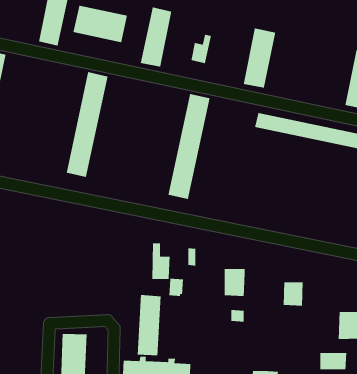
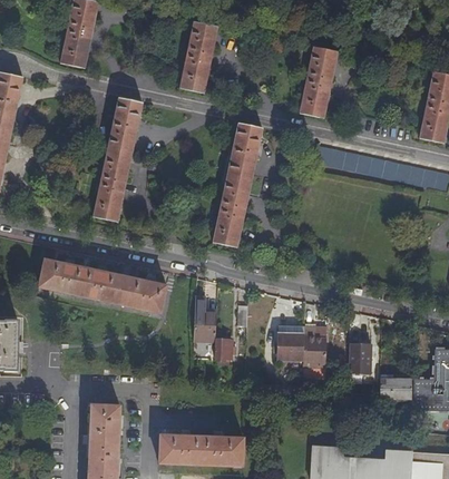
building: [72,5,128,43] -> none
building: [190,34,212,64] -> none
building: none -> [38,257,164,313]
building: none -> [303,333,326,366]
building: [137,294,161,356] -> none
building: [320,352,347,370] -> [380,378,412,399]

